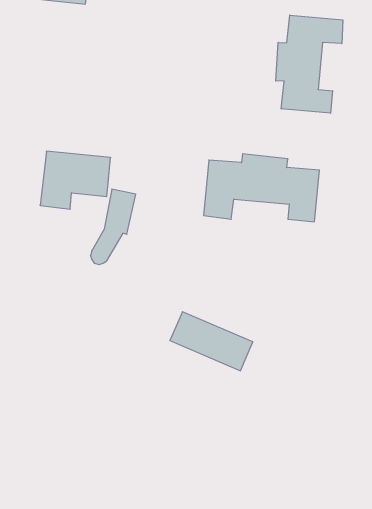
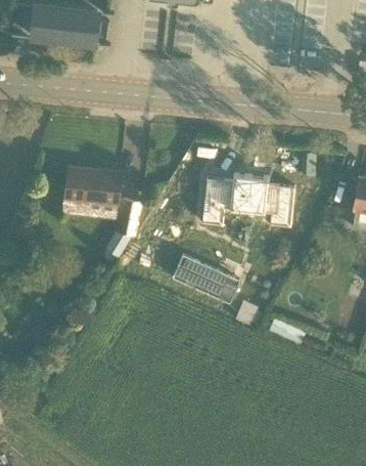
building: [276,15,343,113] -> none
building: [170,312,253,371] -> [177,250,244,298]

